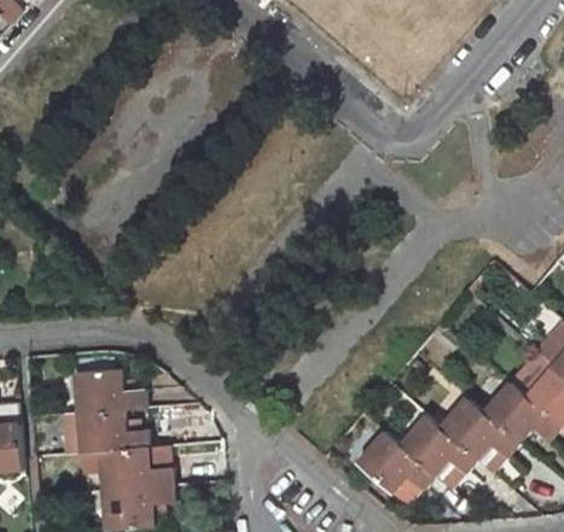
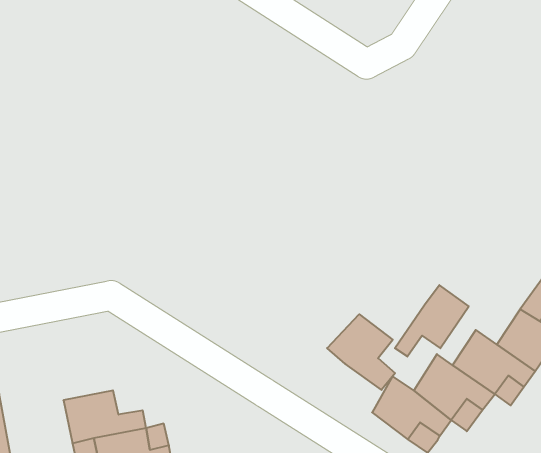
building: none -> [395,285,469,357]
building: none -> [327,314,395,390]
building: [72,369,146,416] -> none

